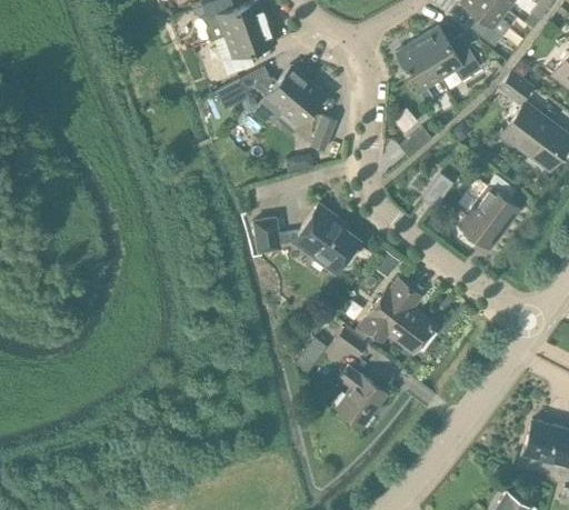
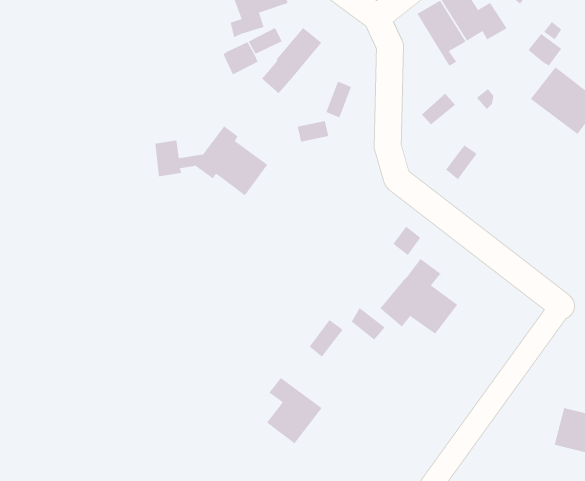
building: [281,81,325,127] -> none
building: [457,176,519,250] -> none
building: [253,204,359,270] -> [154,125,268,196]
building: [335,366,387,428] -> [266,377,322,444]

